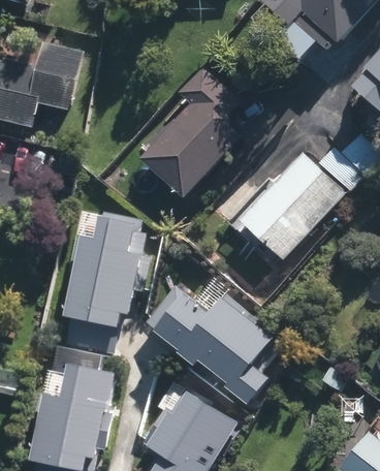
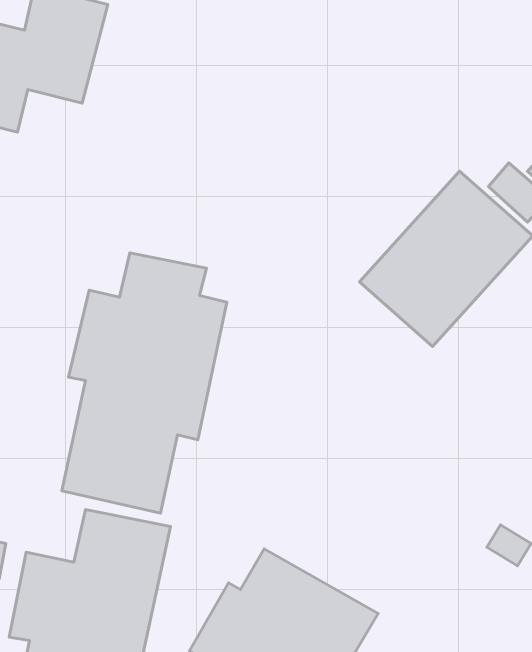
building: [142,65,242,196] -> none
building: [137,280,284,411] -> none

